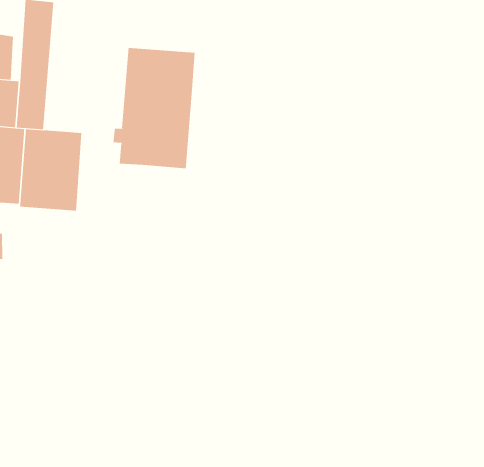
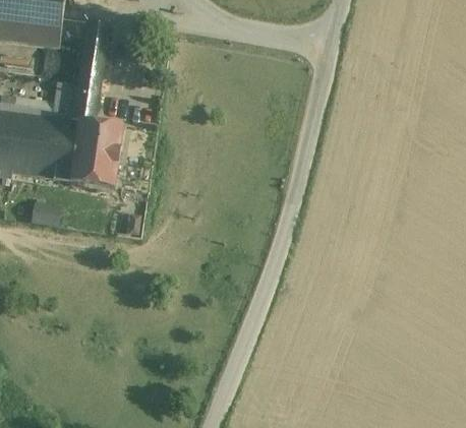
building: [113,47,195,169] -> none

